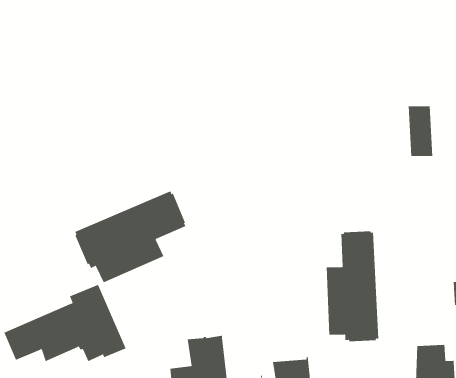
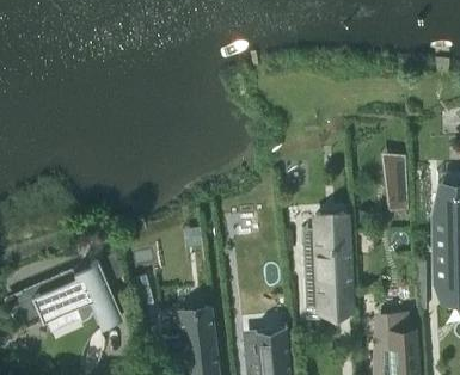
building: [408,106,433,157] -> [385,166,407,211]
building: [74,191,186,283] -> none

